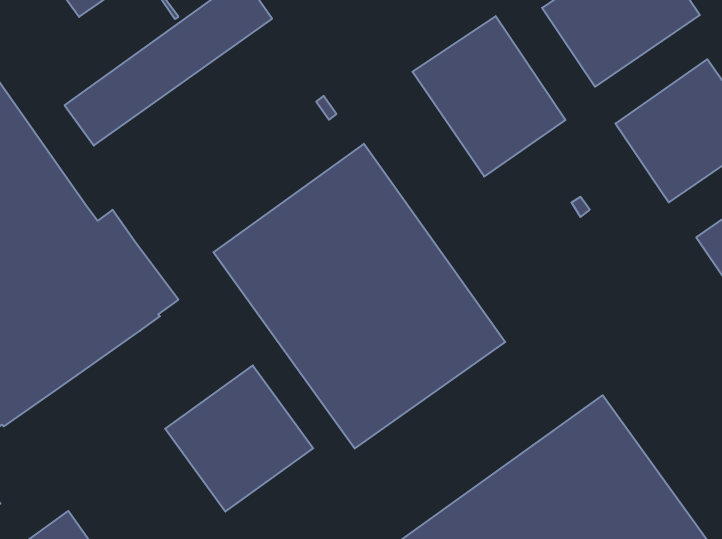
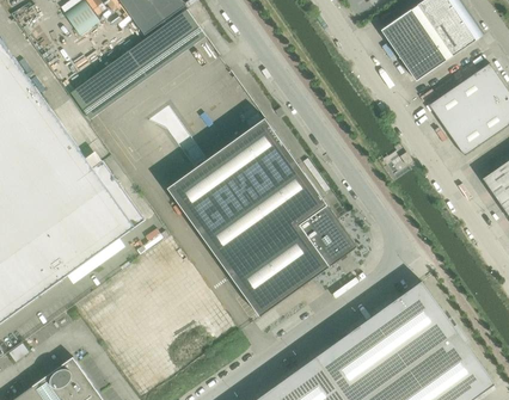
building: [412,16,565,177] -> none
building: [165,365,313,512] -> none

